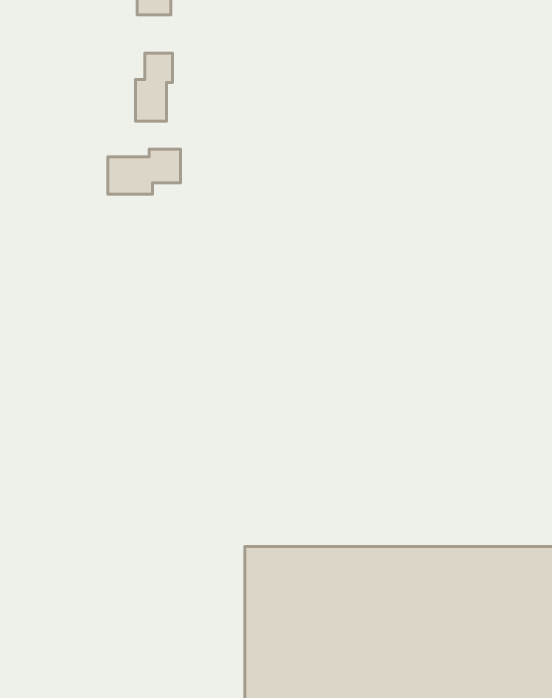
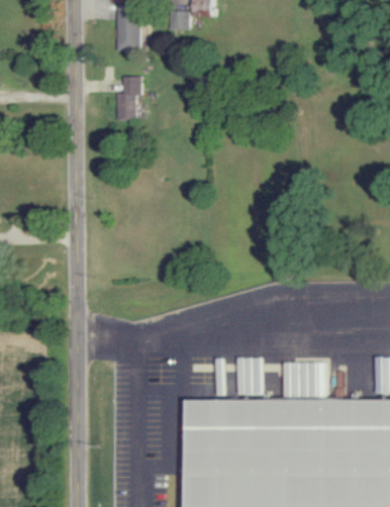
building: [108,149,180,194] -> none

